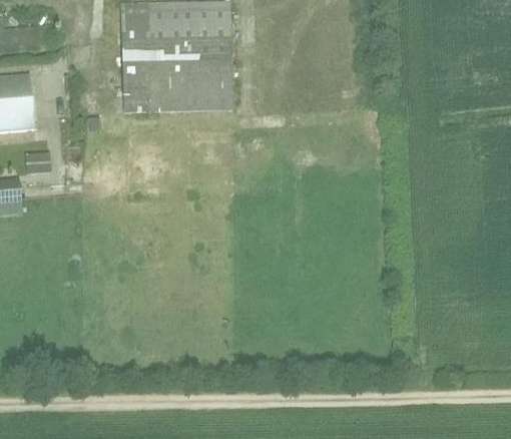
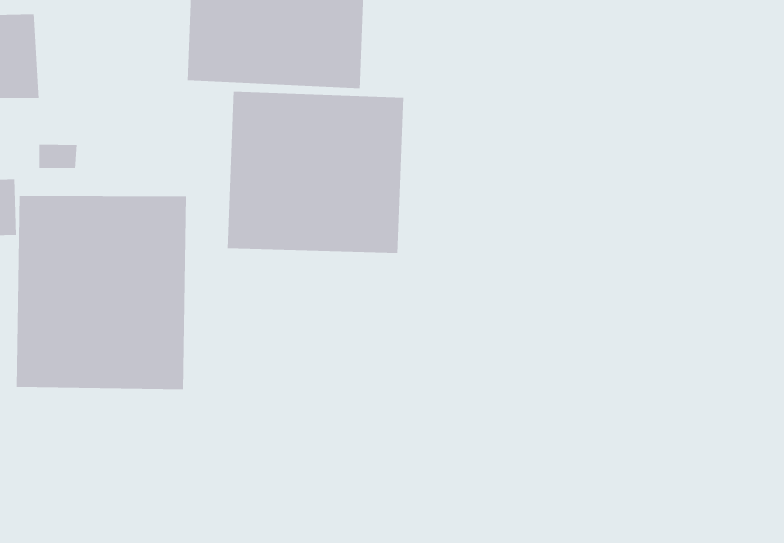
building: none -> [227,91,404,254]
building: none -> [16,195,187,390]

